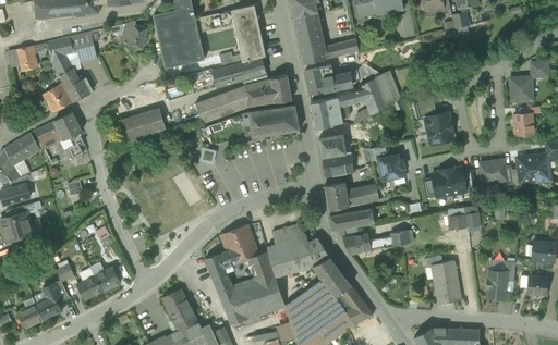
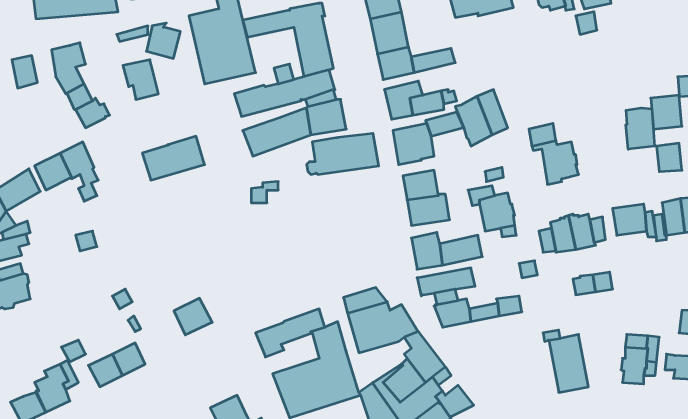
building: [70,32,97,62] -> [123,60,158,99]
building: [270,75,292,102] -> none
building: [43,83,72,112] -> none
building: none -> [626,108,655,149]
building: [219,224,254,251] -> none
building: [161,288,191,317] -> [174,298,212,335]

